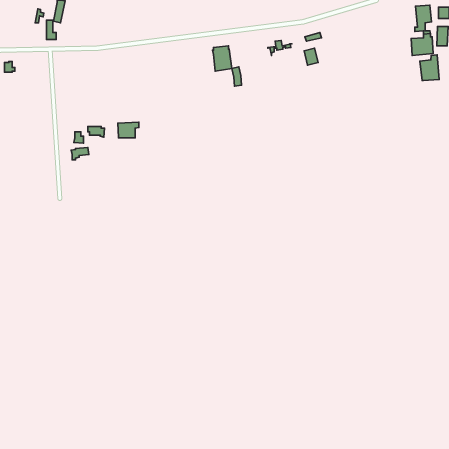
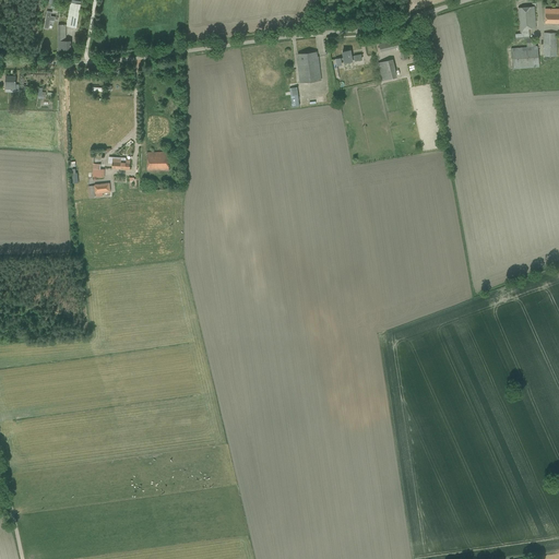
building: [213,46,232,71] -> [297,52,321,84]
building: [420,55,439,81] -> none

